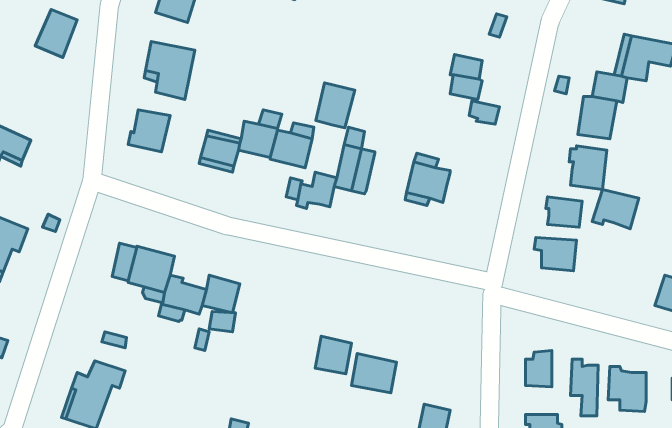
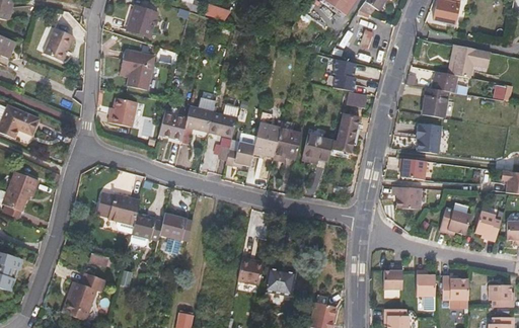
building: [316,83,355,128] -> [274,128,301,159]
building: none -> [330,112,359,153]
building: [592,190,639,229] -> [440,210,472,237]

